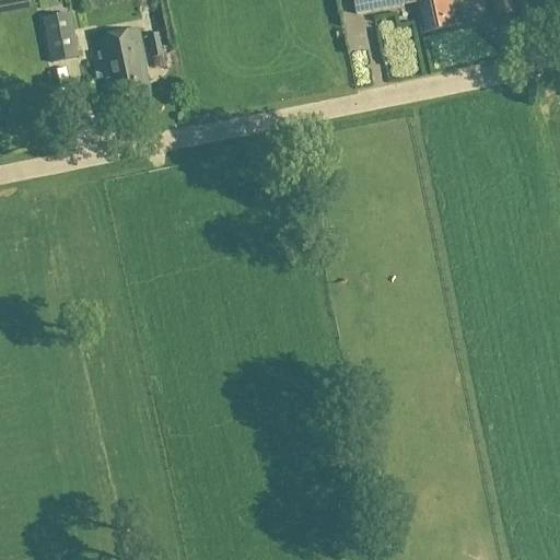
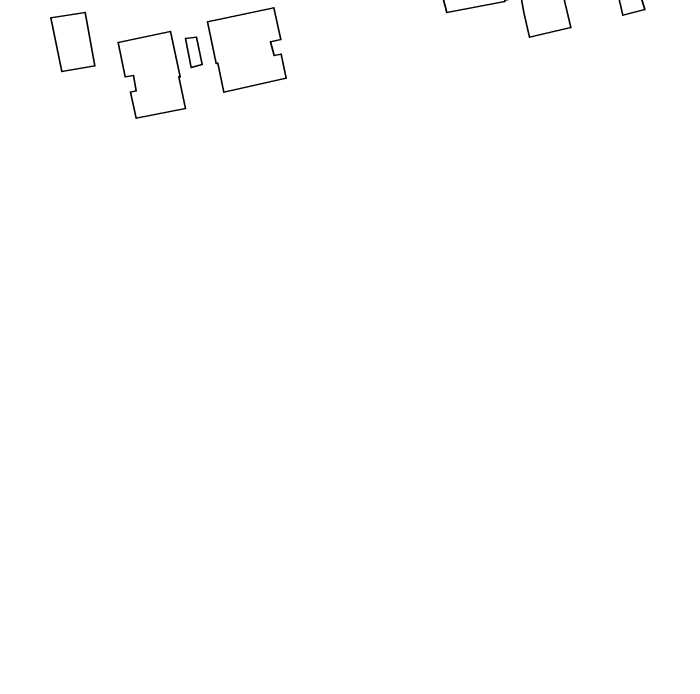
building: none -> [208,8,286,92]

